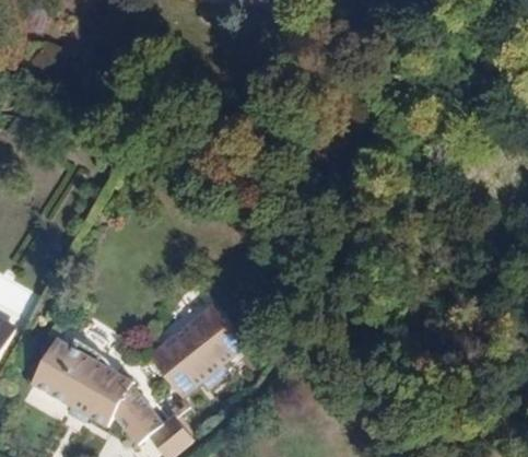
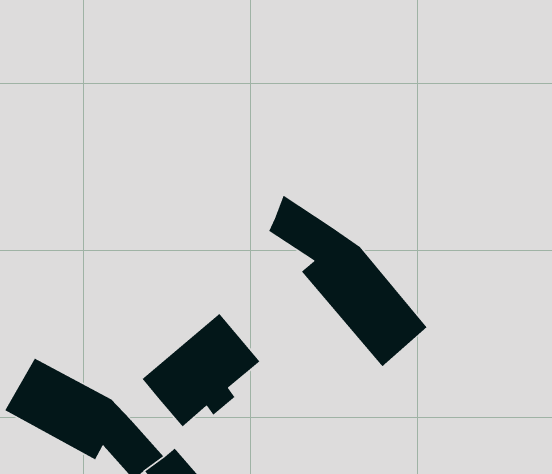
building: none -> [268,194,427,367]

